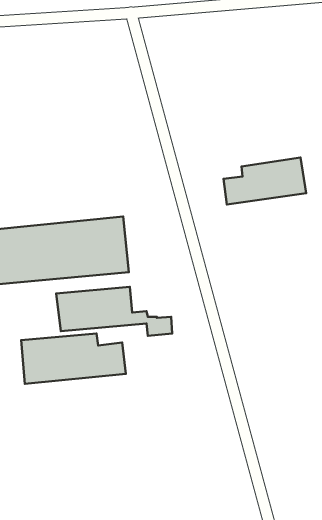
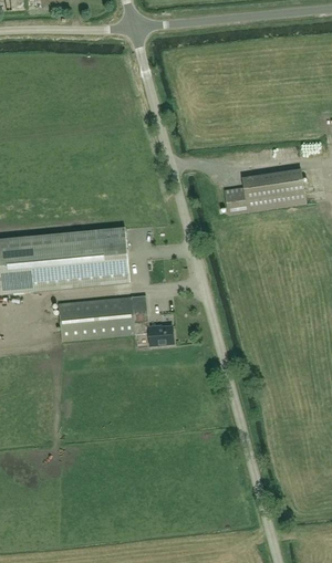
building: [21,333,126,384] -> none

